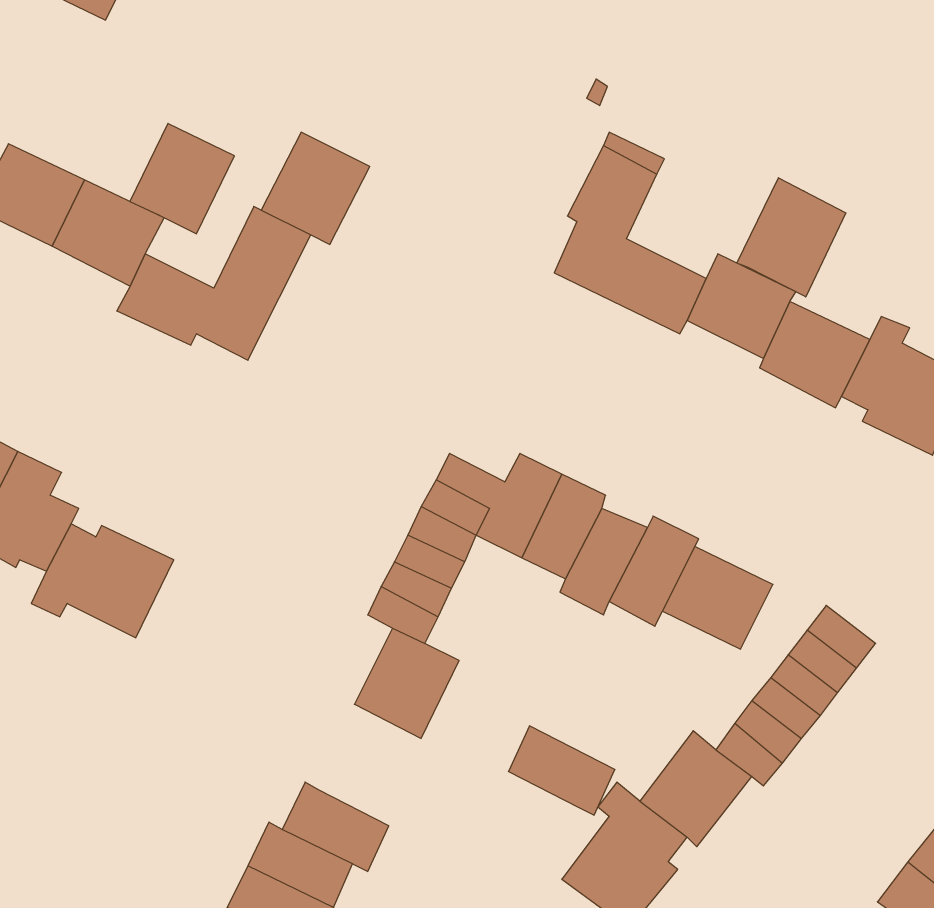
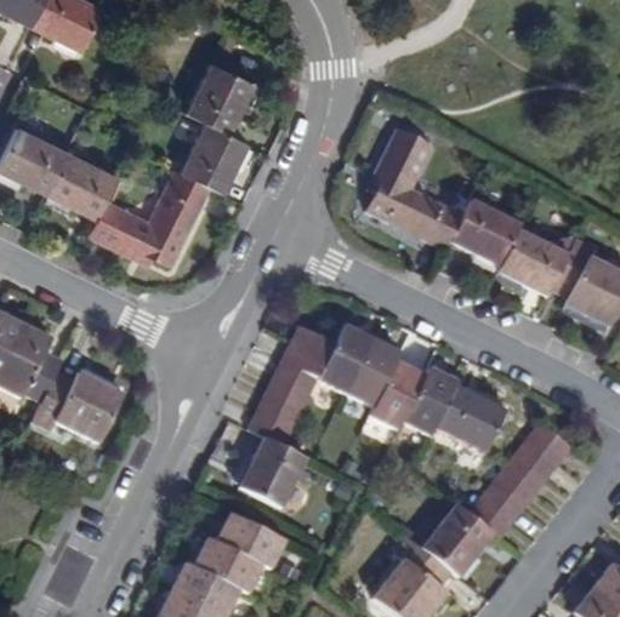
building: [130,123,234,234] -> [187,63,254,133]
building: [737,178,846,297] -> none
building: [508,726,615,815] -> [216,512,284,569]

